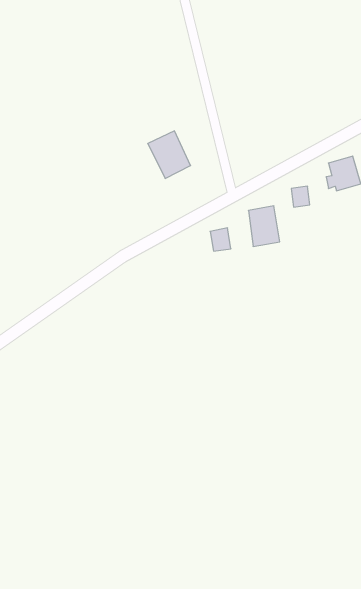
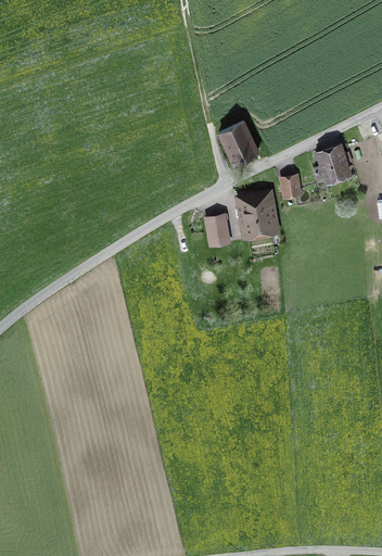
building: [148,131,191,178] -> [219,121,259,165]

